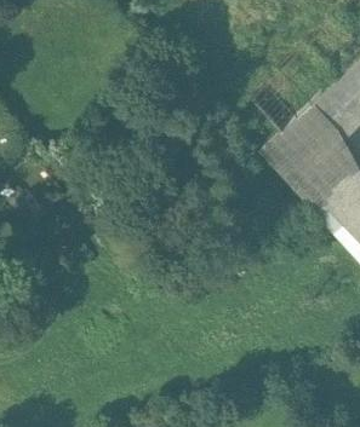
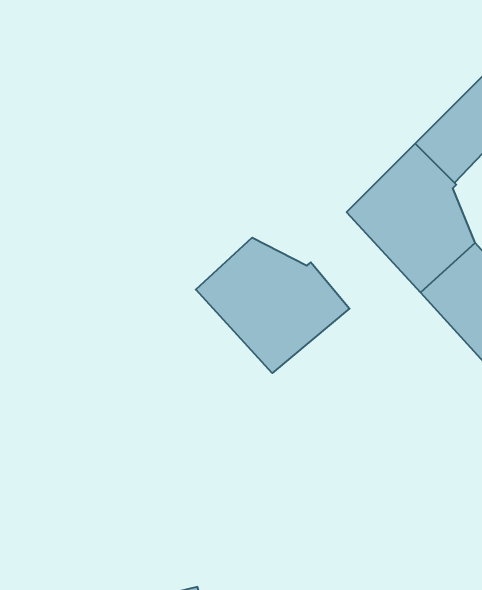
building: none -> [196,238,350,373]

